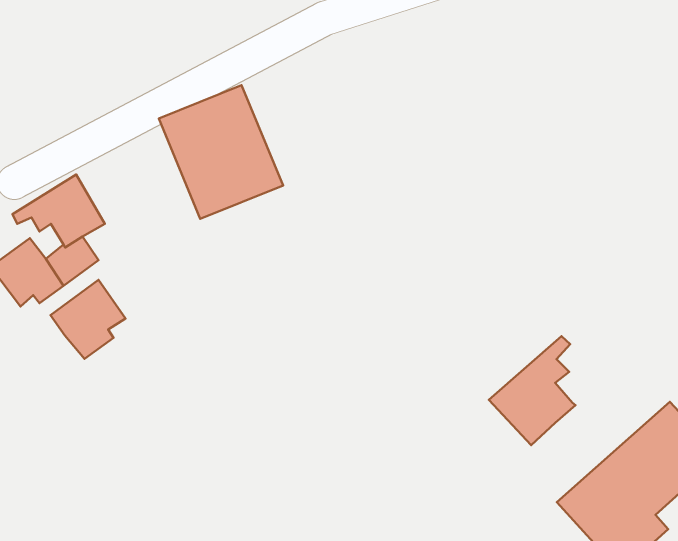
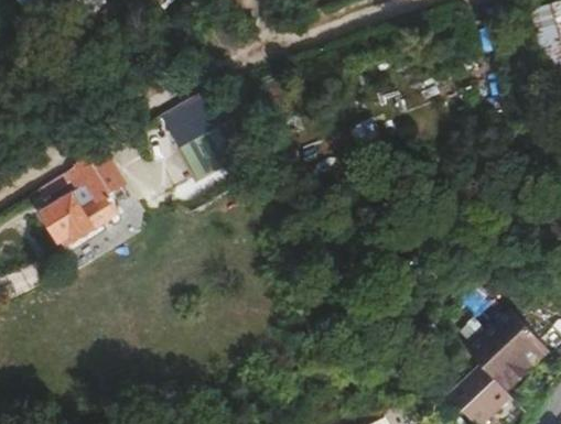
building: [51,280,126,359] -> none
building: [489,336,575,445] -> none

